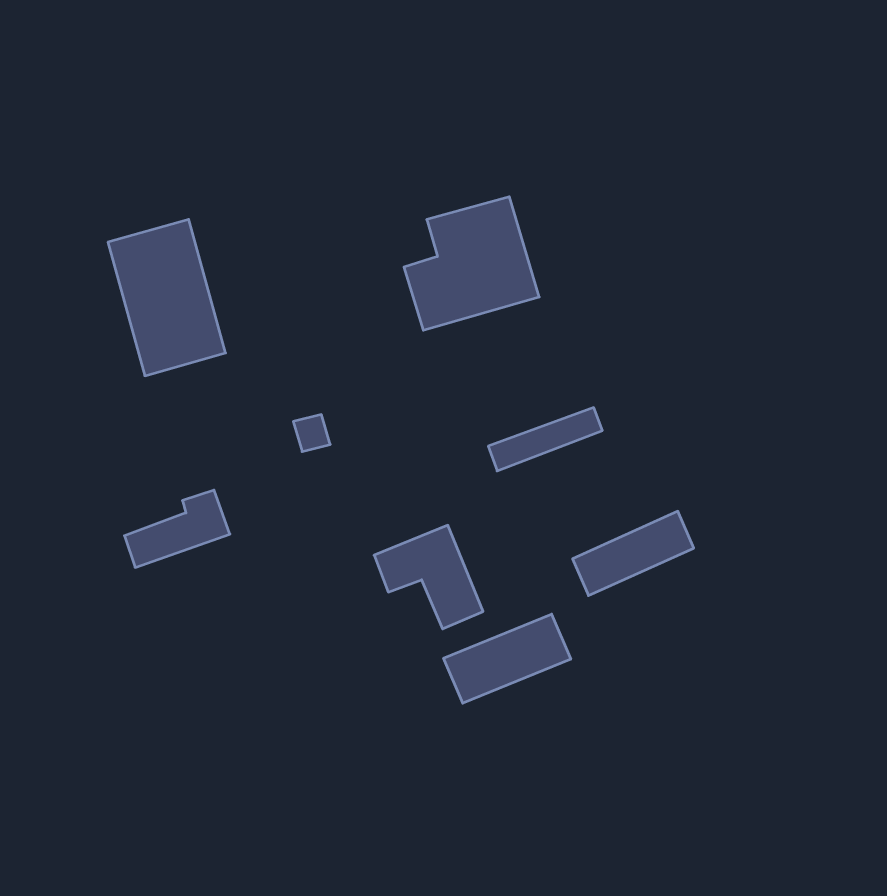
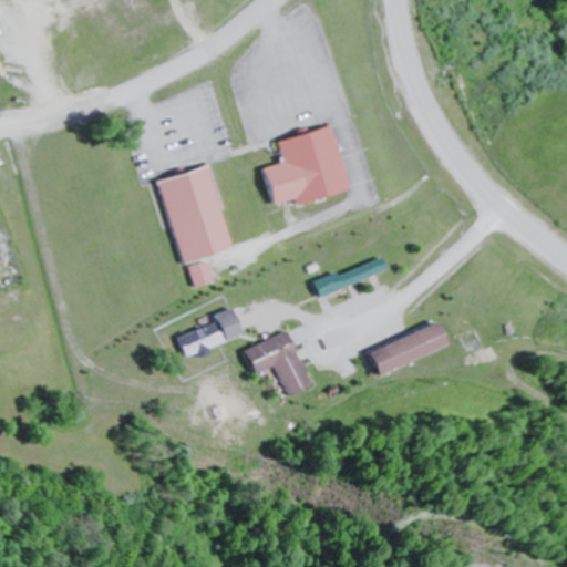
building: [108,219,226,376] -> [159,164,234,262]
building: [124,490,230,567] -> [178,309,245,358]
building: [444,614,571,703] -> none

